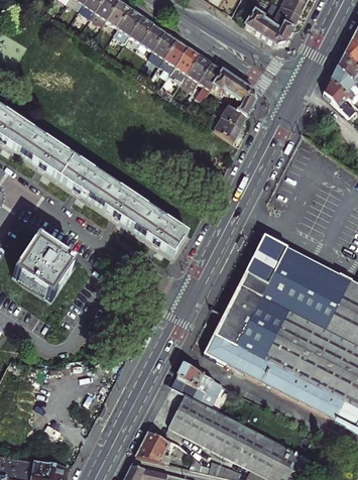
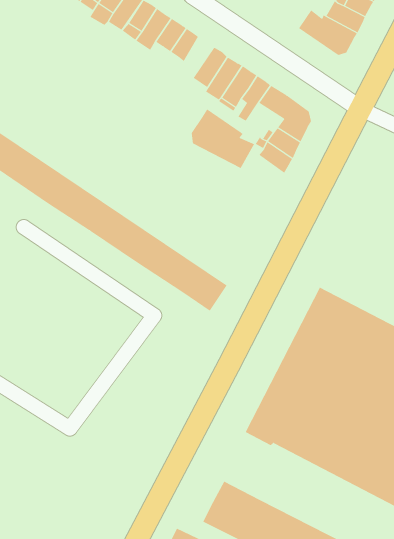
building: [148,31,177,66] -> none
building: none -> [191,109,255,169]
building: [14,239,78,302] -> none
building: [170,361,226,406] -> none

